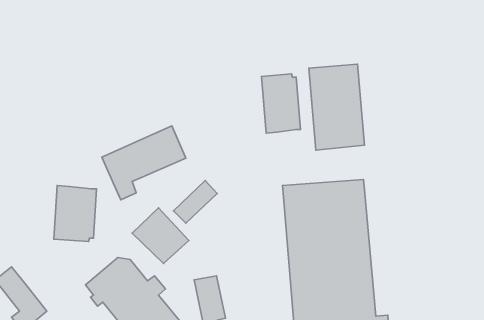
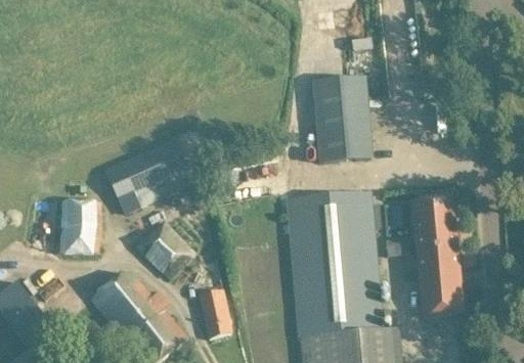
building: [261,74,301,133] -> none
building: [173,181,217,223] -> none
building: none -> [411,197,463,316]

